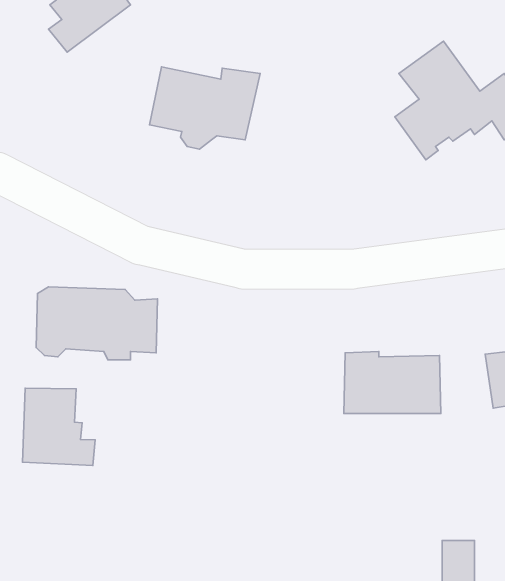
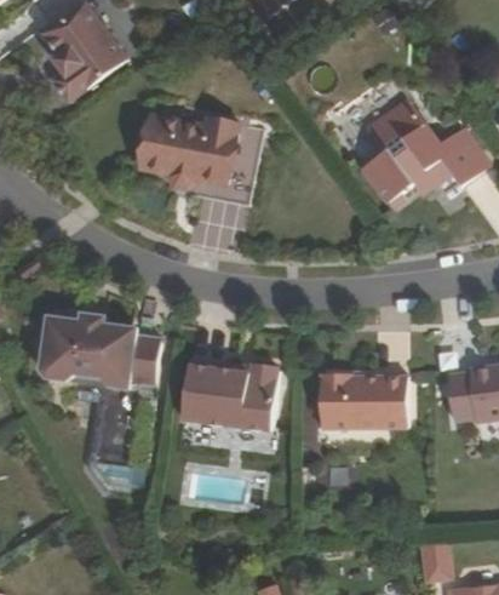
building: none -> [197,122,265,205]
building: none -> [180,359,280,429]
building: [23,388,95,465] -> none

